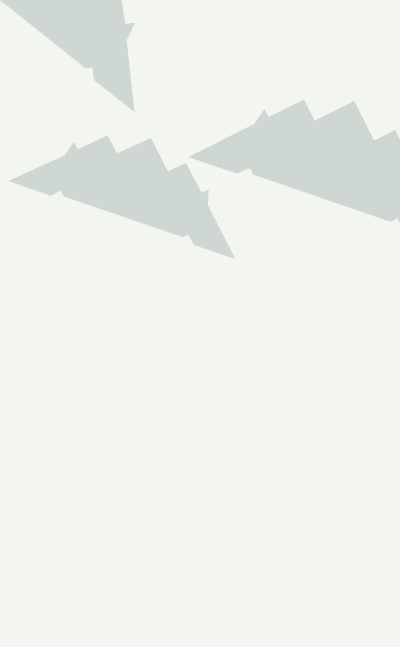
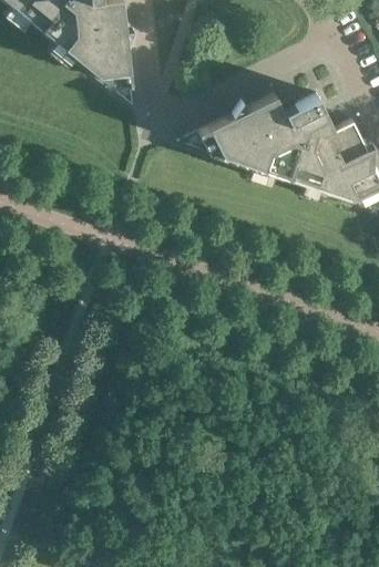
building: [7,135,237,260] -> none

